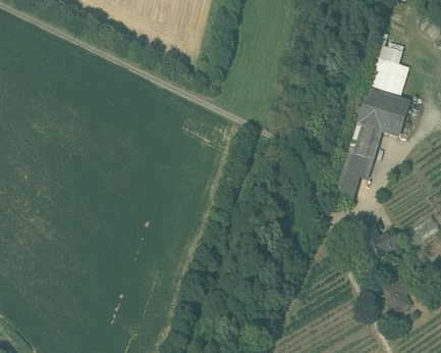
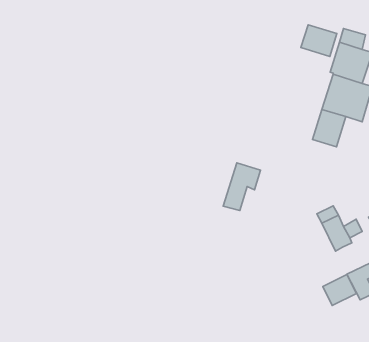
building: none -> [301,25,337,57]
building: [336,152,373,199] -> [223,163,261,210]
building: none -> [323,274,356,306]

